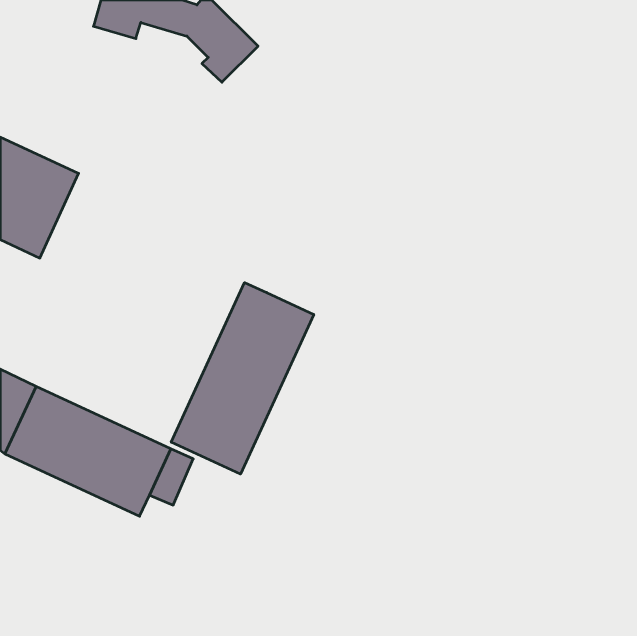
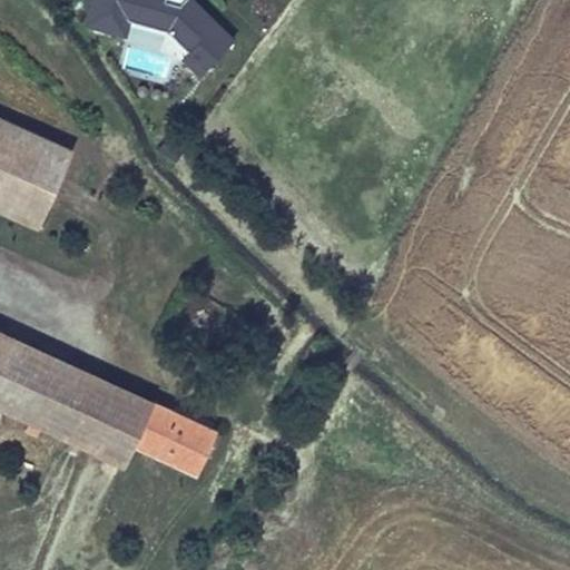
building: [171,283,314,474] -> none
building: none -> [155,411,214,471]

